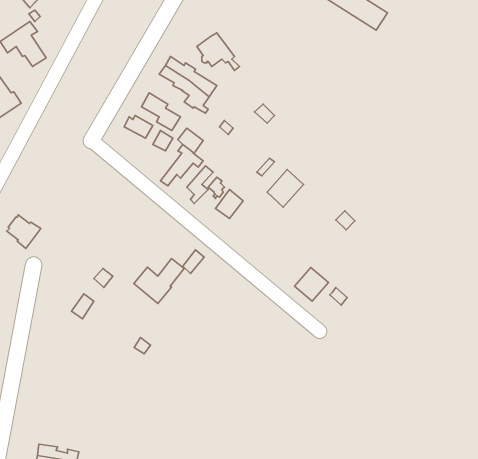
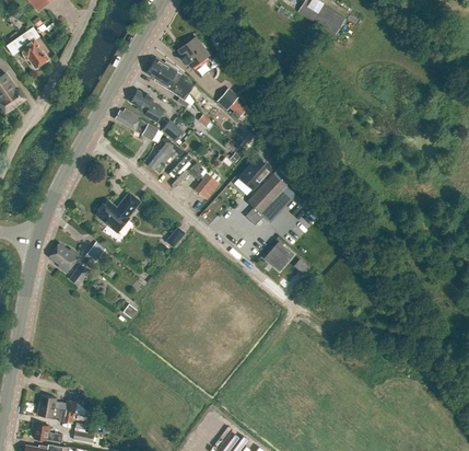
building: none -> [247,173,293,220]
building: [7,215,41,249] -> [49,244,79,274]
building: [134,258,184,304] -> [96,193,140,232]

